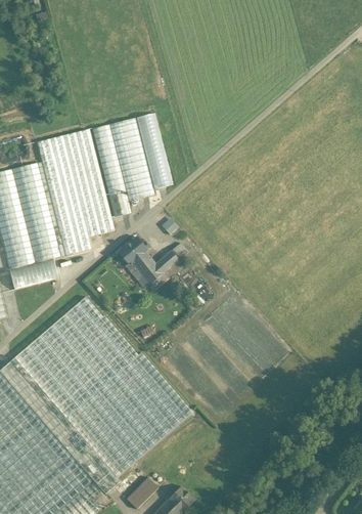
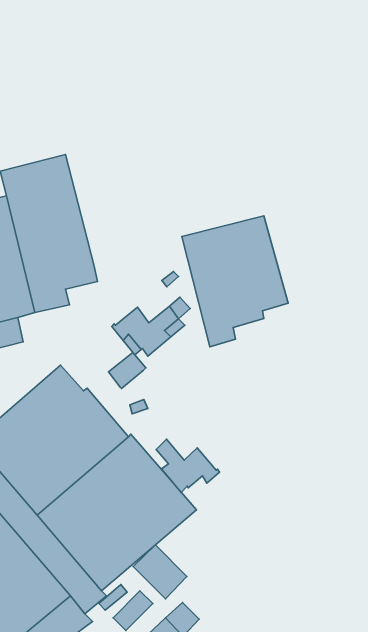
building: [88,113,173,217] -> [182,216,288,347]
building: [118,237,147,265] -> [109,353,146,388]
building: none -> [156,439,220,492]
building: none -> [133,545,187,599]

